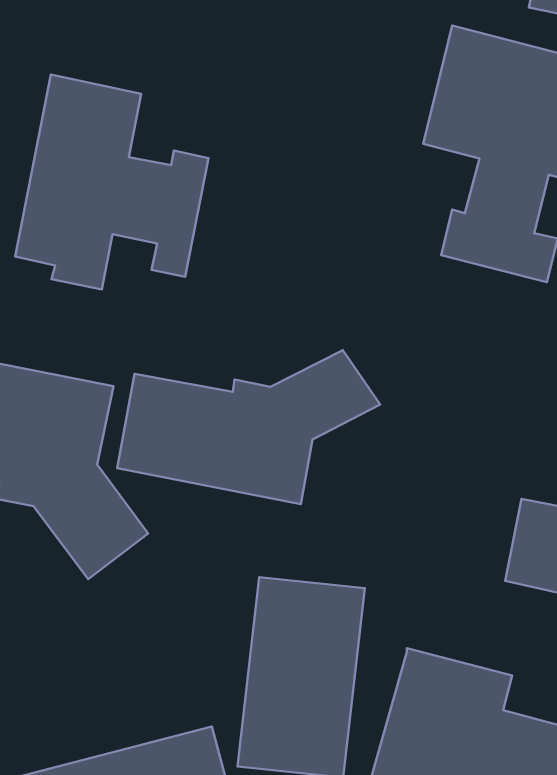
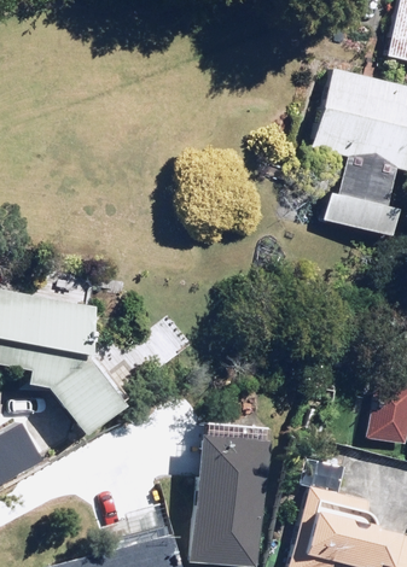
building: [15,74,208,290] -> none
building: [117,350,380,504] -> none

